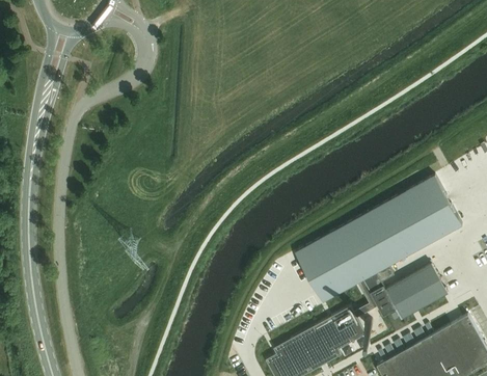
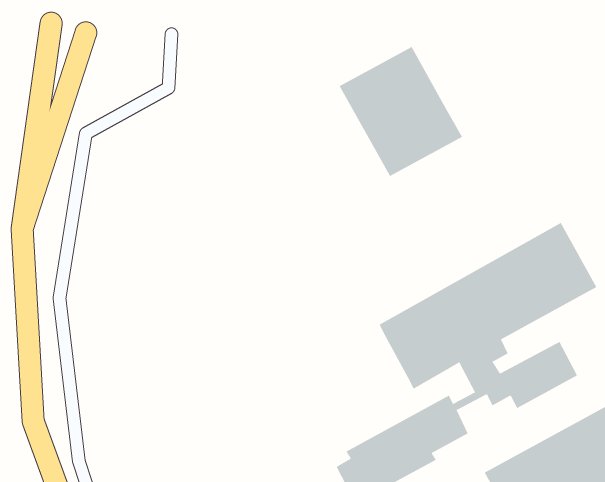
building: none -> [339,46,463,177]

